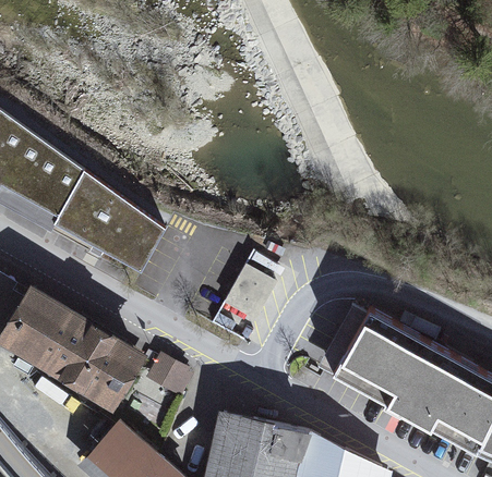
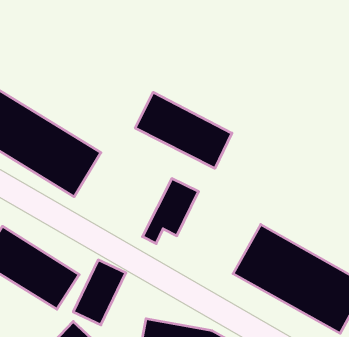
building: none -> [135,92,232,168]

